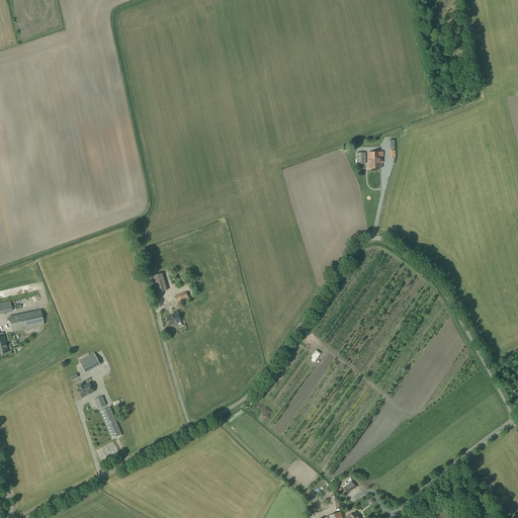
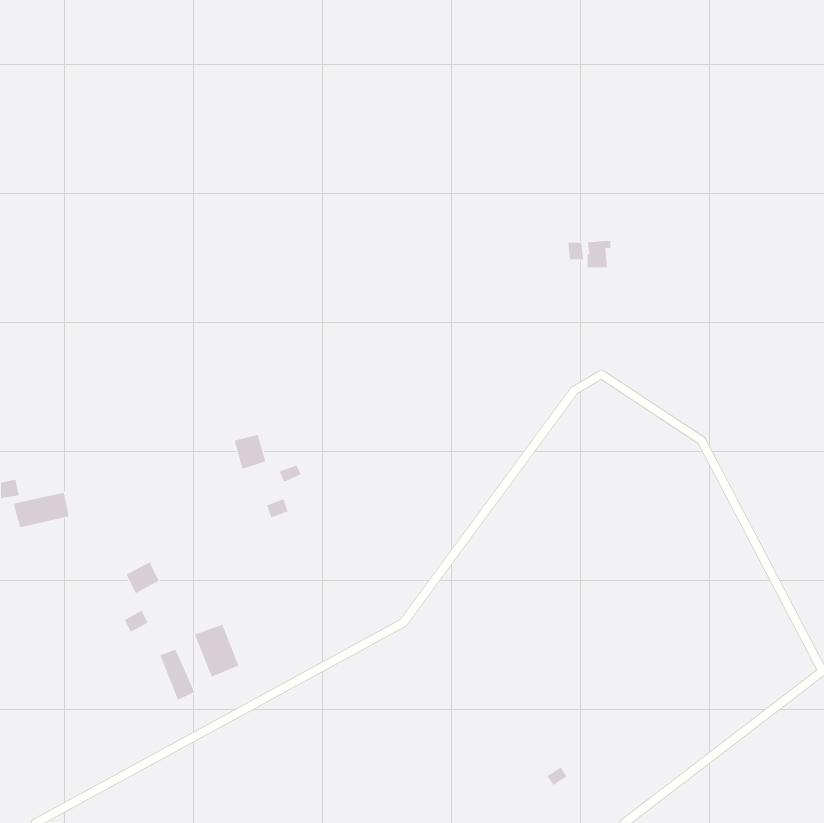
building: none -> [194,624,239,677]

